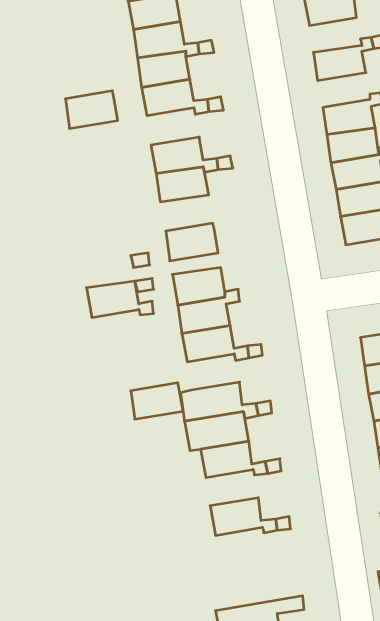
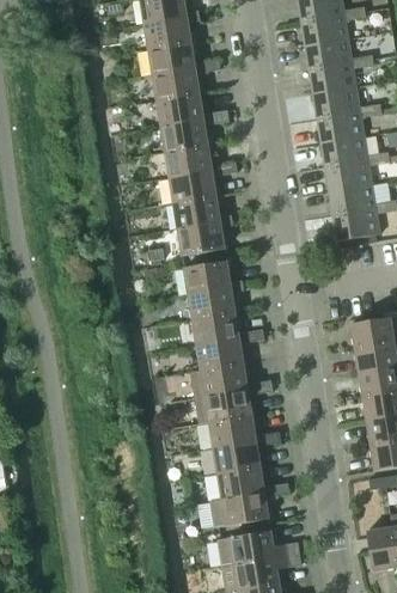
building: none -> [305,38,352,69]
building: none -> [312,87,359,118]
building: [65,91,118,128] -> [160,118,207,152]
building: [86,281,154,317] -> [172,196,232,228]
building: [131,383,183,419] -> [196,337,243,369]
building: none -> [213,440,259,472]
building: none -> [210,491,268,526]
building: none -> [216,530,299,566]

